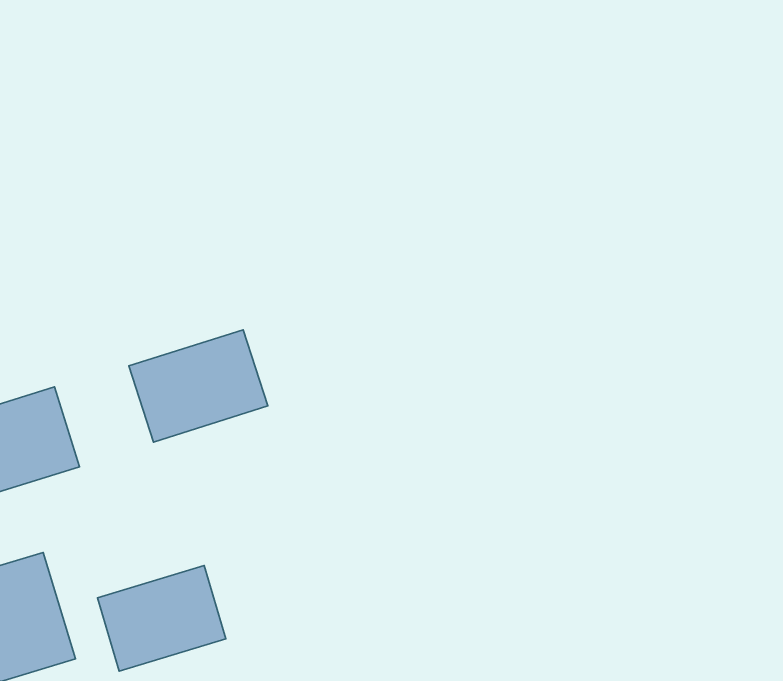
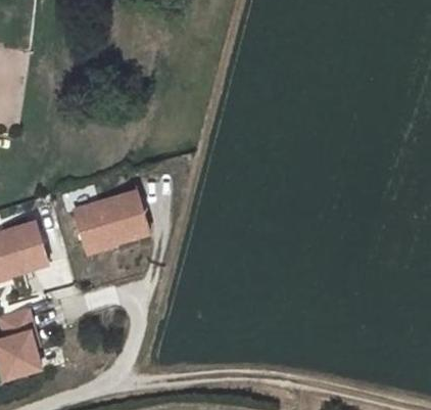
building: [97,566,226,671] -> none

